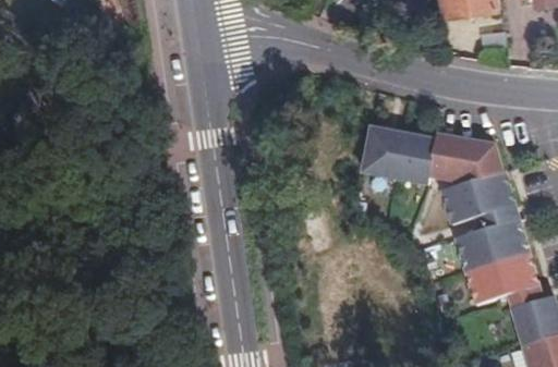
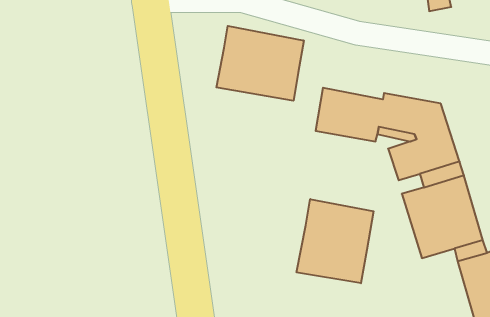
building: none -> [216,26,304,101]
building: none -> [297,199,374,283]

